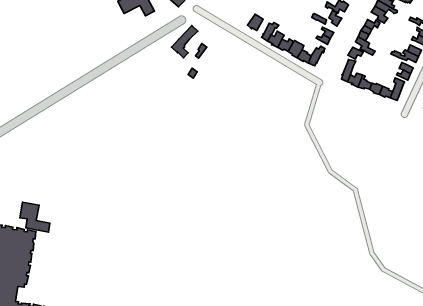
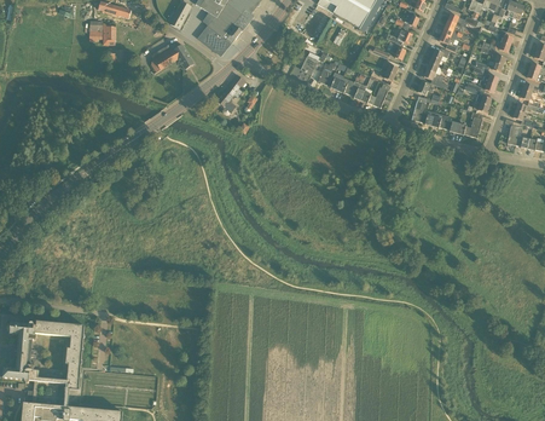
building: [20,202,50,232] -> none

